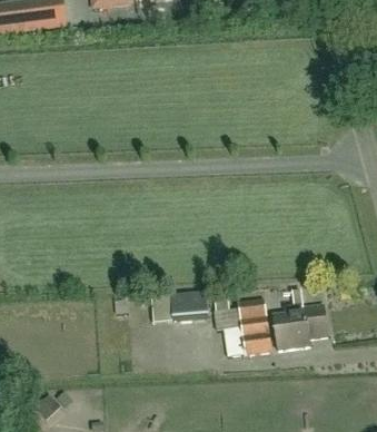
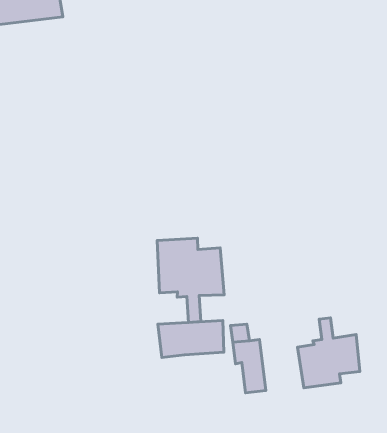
building: none -> [157,238,224,323]
building: [238,297,272,354] -> none

